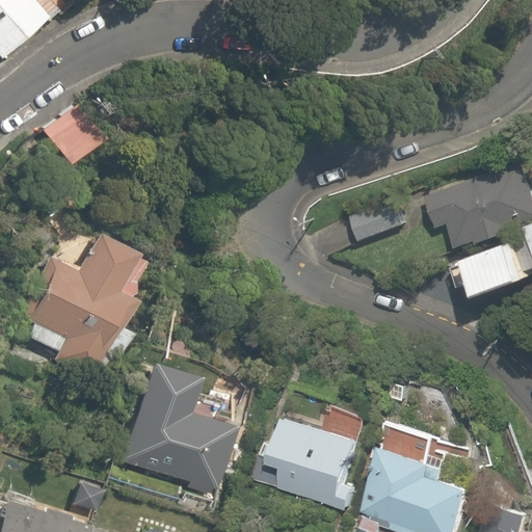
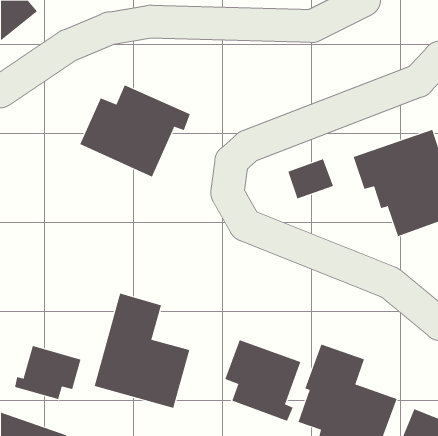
building: none -> [80,84,191,177]
building: [41,107,97,164] -> none
building: [15,233,145,387] -> none
building: none -> [15,345,81,400]

